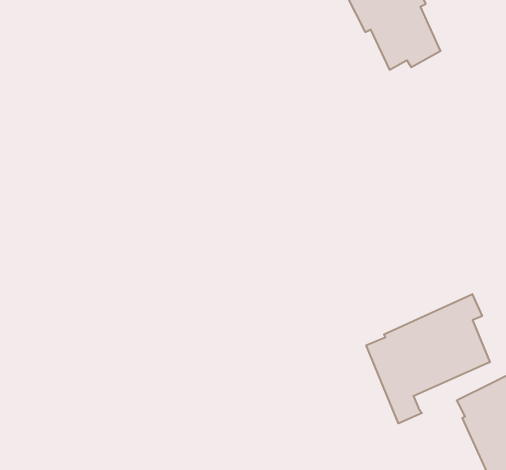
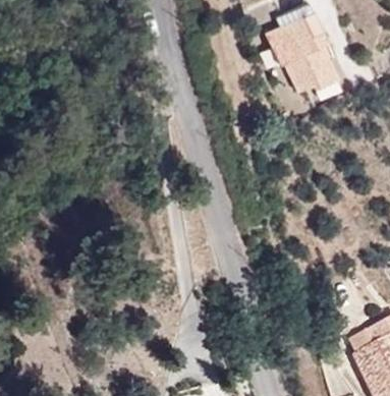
building: [366,294,490,423] -> none

